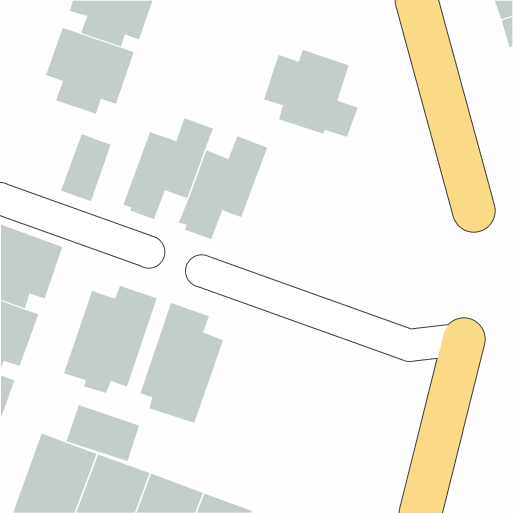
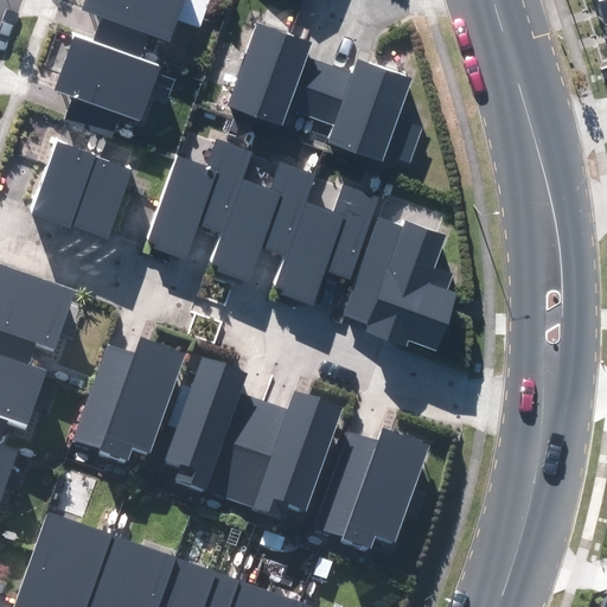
building: none -> [226,21,328,126]
building: none -> [30,141,97,228]
building: none -> [275,181,381,305]
building: none -> [343,218,456,350]
building: none -> [230,392,340,520]
building: none -> [315,428,429,554]
building: [66,404,140,462] -> none

